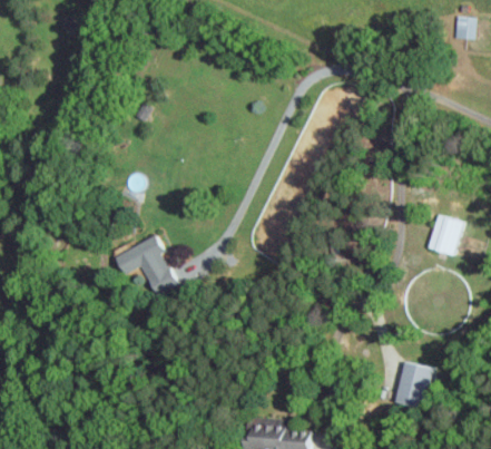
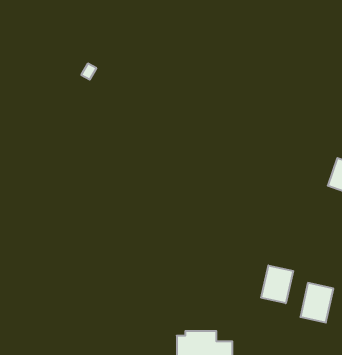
building: [111,235,179,295] -> none
building: none -> [261,265,293,303]

